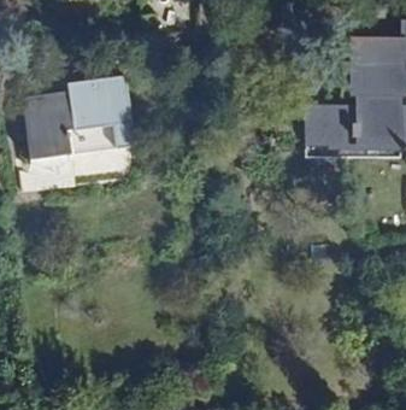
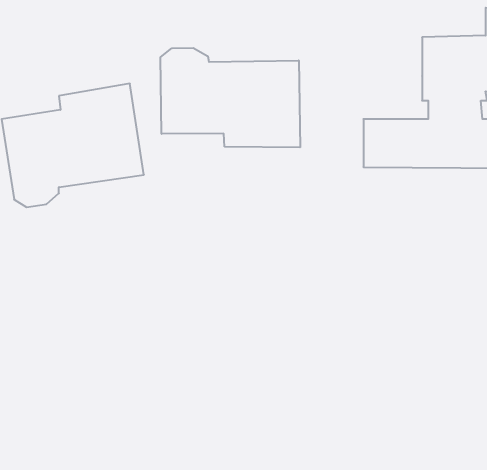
building: none -> [160,48,300,147]

